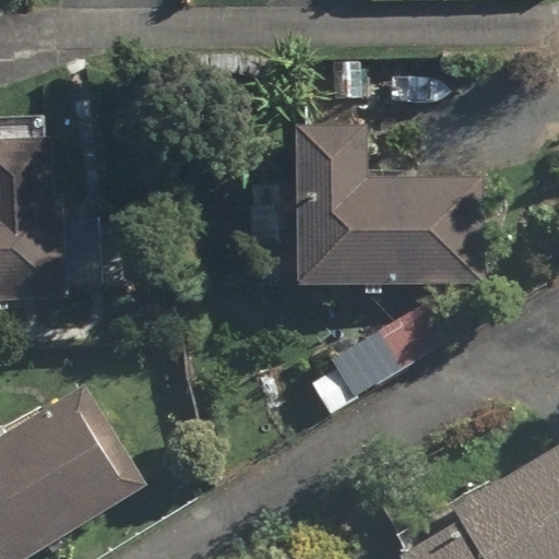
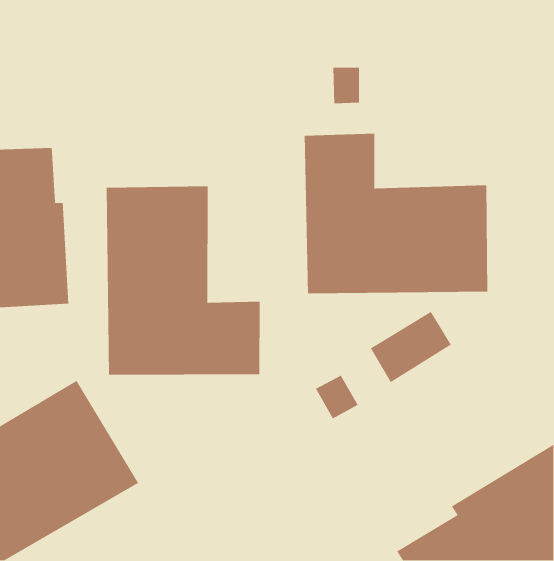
building: none -> [106,186,261,375]

